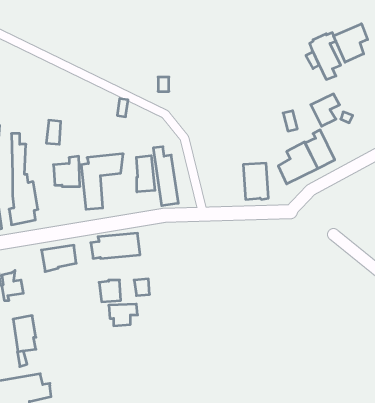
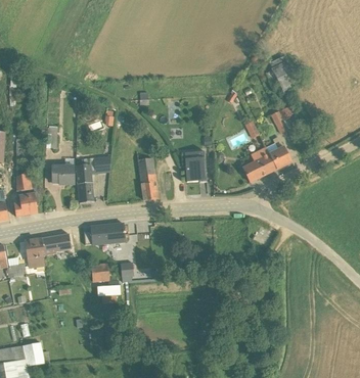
building: [334,24,368,62] -> none
building: [136,156,155,192] -> none
building: [243,163,268,199] -> [184,151,206,182]
building: [13,316,36,352] -> [25,238,44,269]

